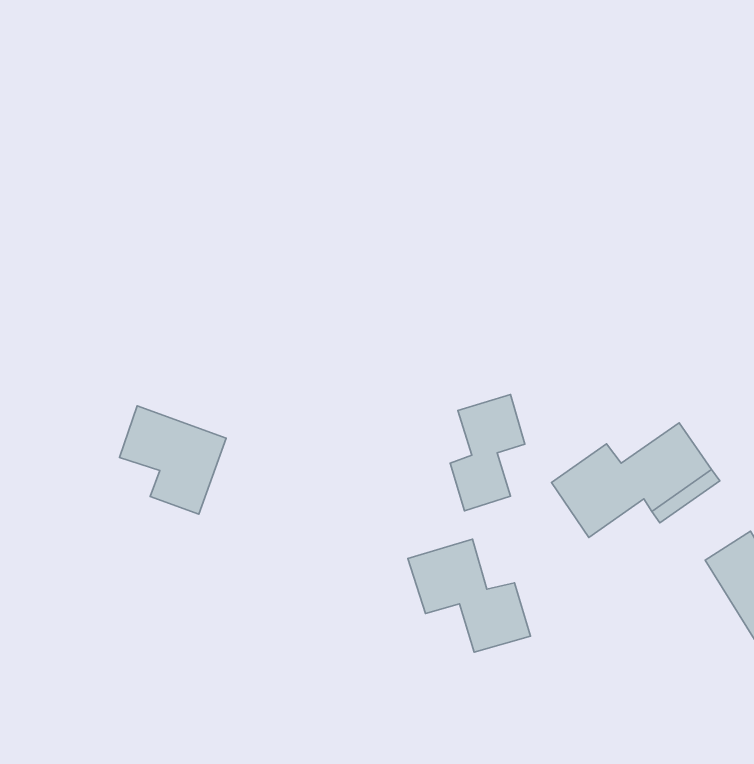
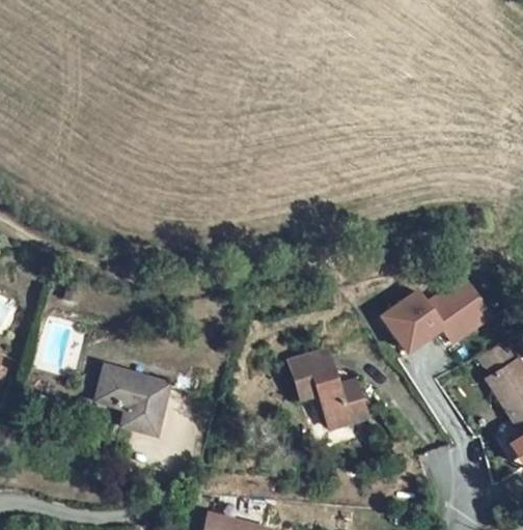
building: [450,394,525,511] -> none
building: [120,406,226,514] -> [92,360,161,429]

